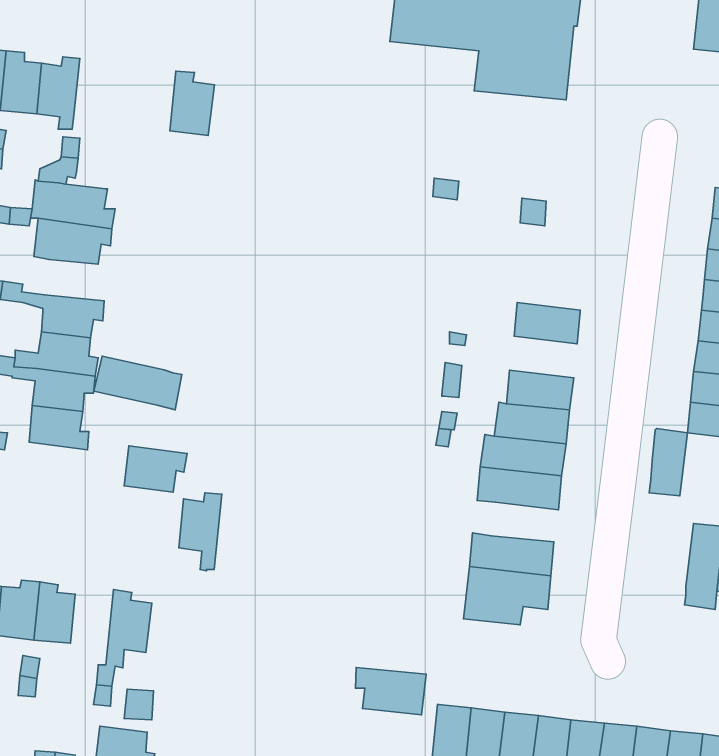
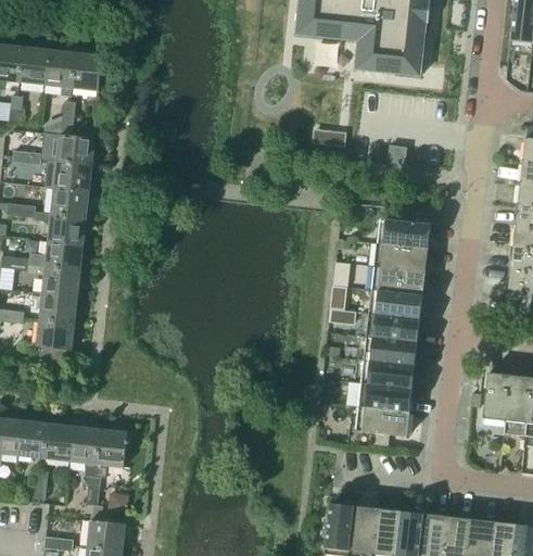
building: [170,71,214,136] -> [72,47,103,92]
building: none -> [51,189,94,218]
building: none -> [380,243,428,273]
building: [94,356,182,410] -> none
building: [649,428,688,496] -> [483,372,510,420]
building: [124,446,187,492] -> [37,318,81,351]
building: [179,493,222,571] -> [69,421,100,477]
building: none -> [367,361,415,389]
building: [355,667,426,715] -> none

